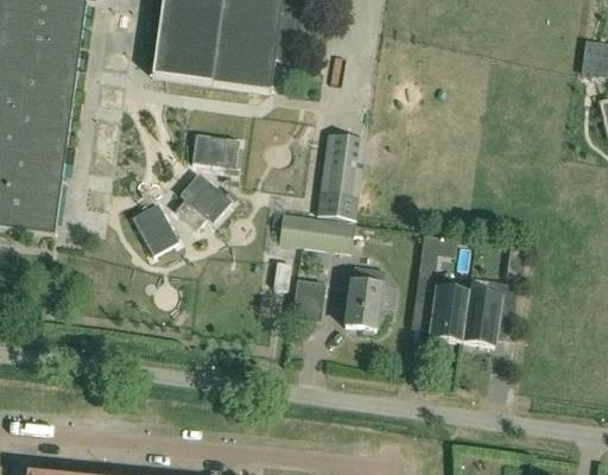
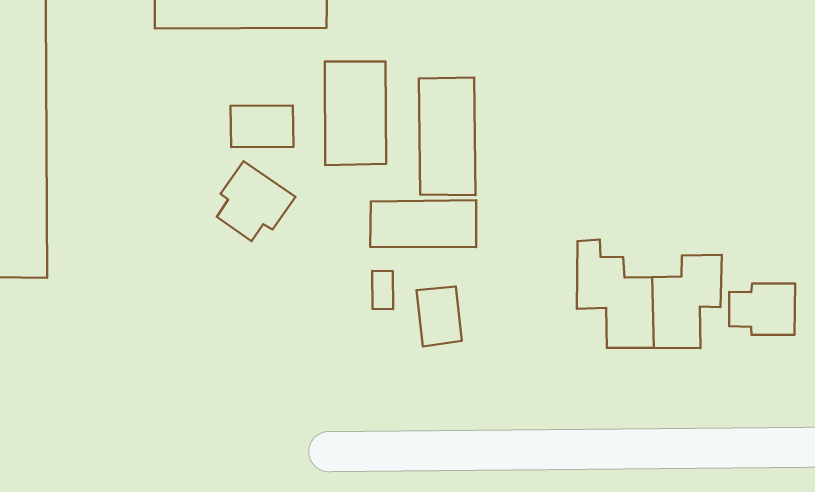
building: none -> [325,62,386,165]
building: [133,201,179,253] -> none
building: [346,279,382,329] -> none
building: none -> [729,283,795,335]

